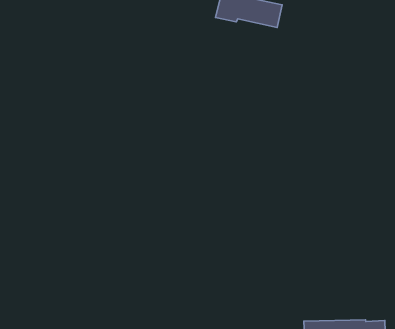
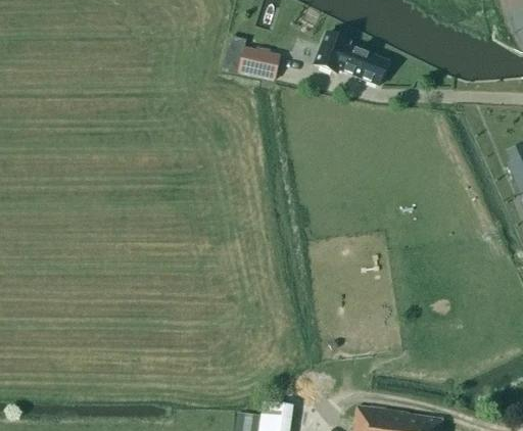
building: none -> [238,47,280,79]

